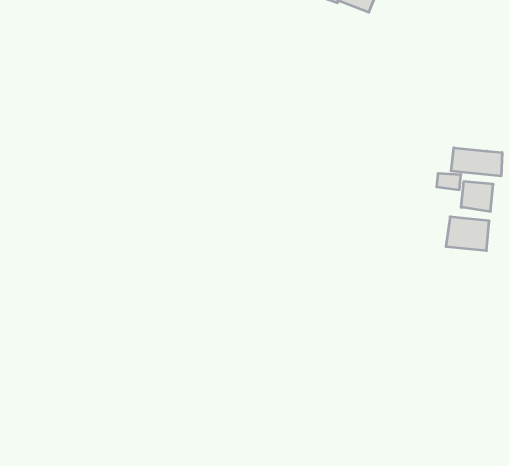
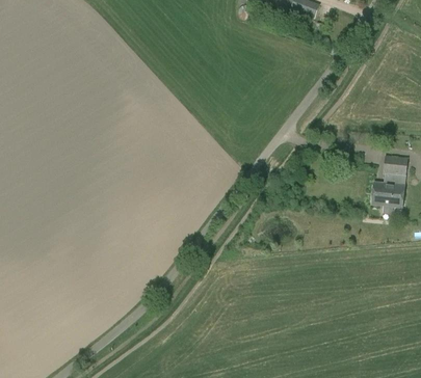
building: [451,148,502,176] -> none

